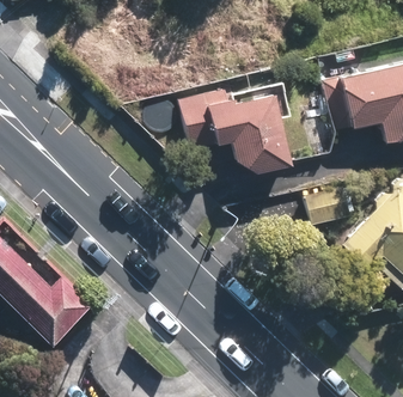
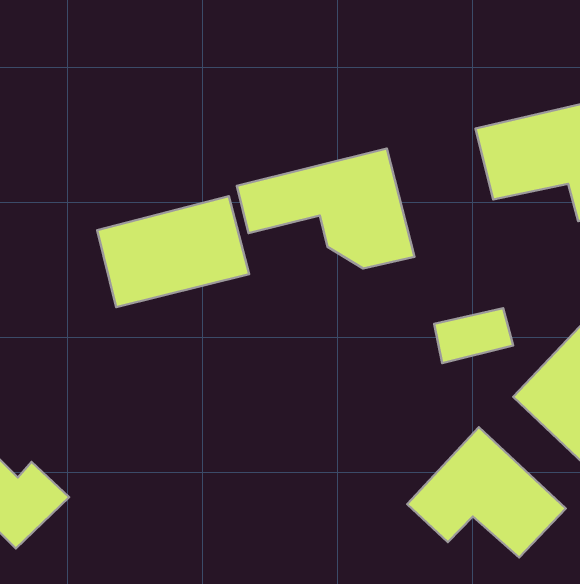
building: none -> [97,196,249,307]
building: none -> [407,427,566,558]

